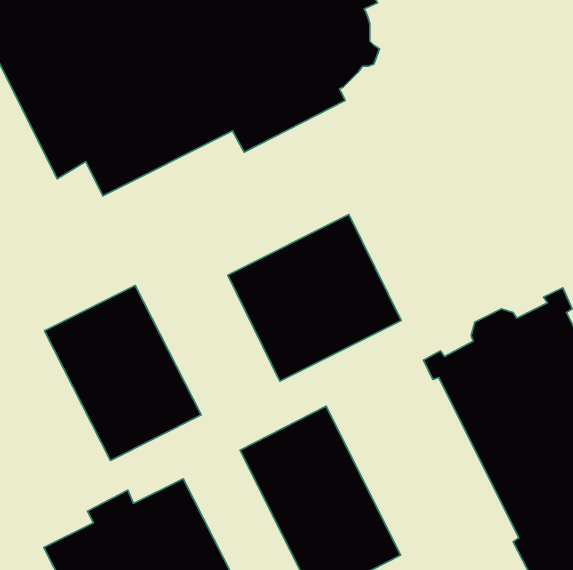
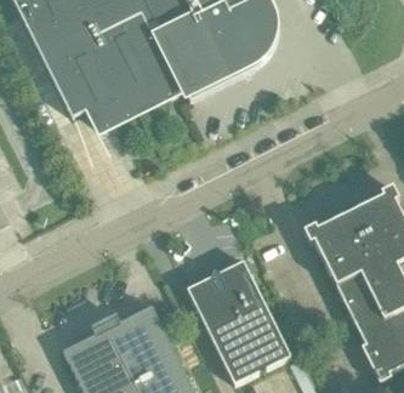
building: [228,214,401,381] -> none
building: [45,285,201,460] -> none

